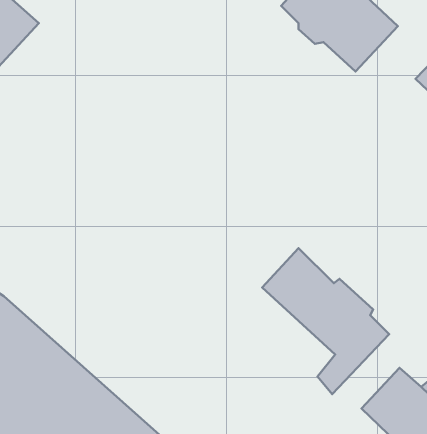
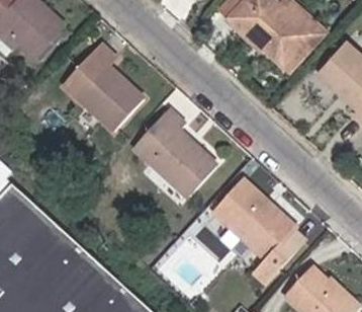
building: none -> [64,45,144,131]
building: none -> [133,110,215,198]

